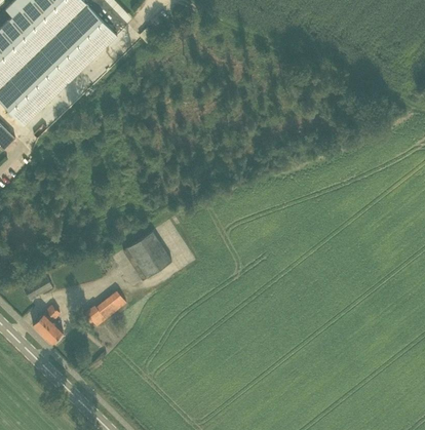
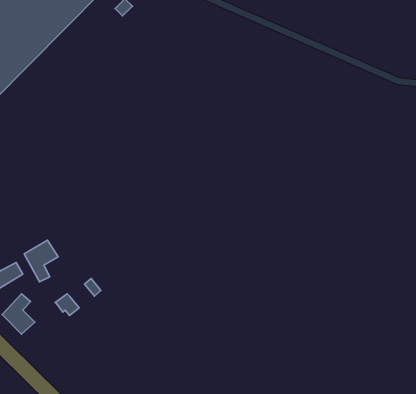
building: [123,233,171,282] -> none
building: none -> [24,240,58,282]

